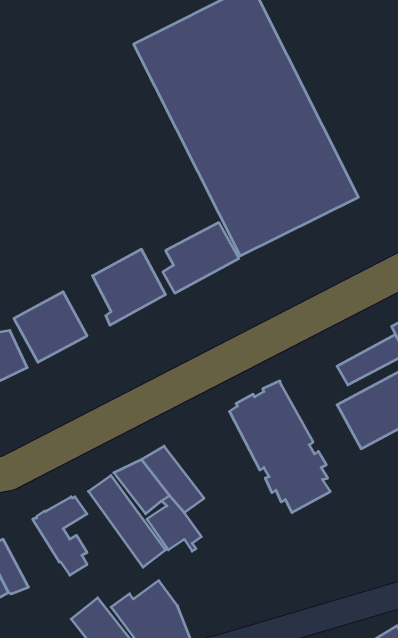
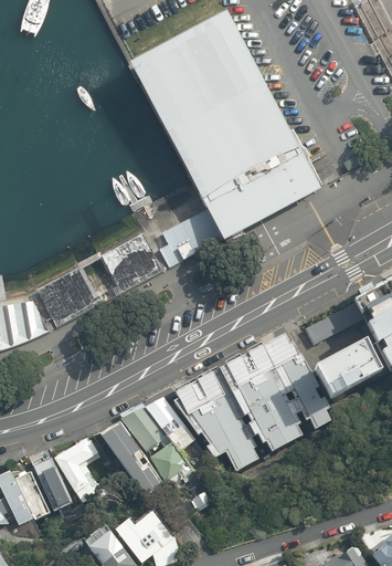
building: none -> [258,333,329,429]
building: none -> [170,367,256,471]
building: none -> [30,455,71,511]

